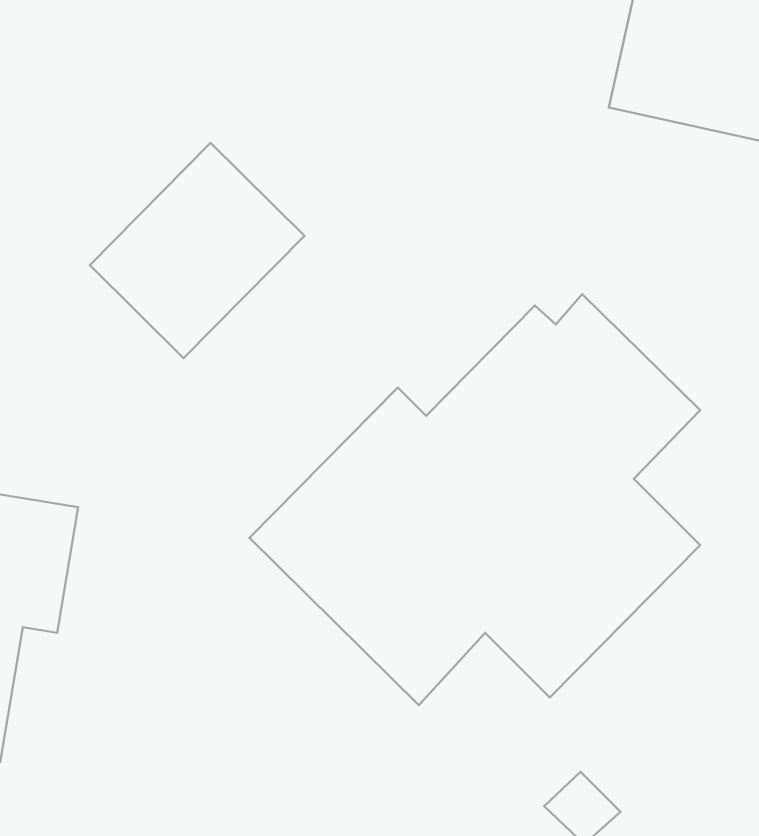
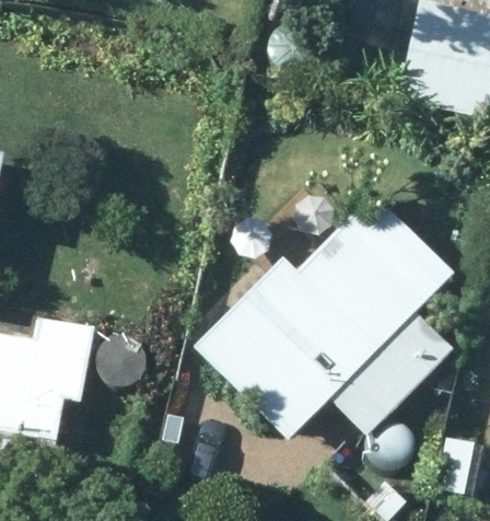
building: [90,143,304,358] -> none

